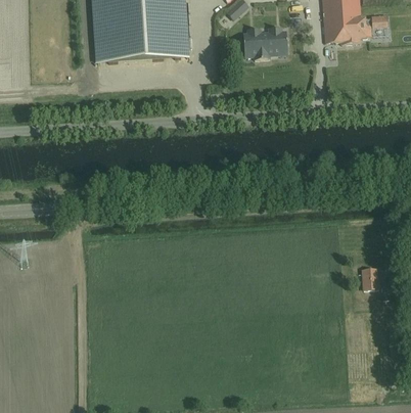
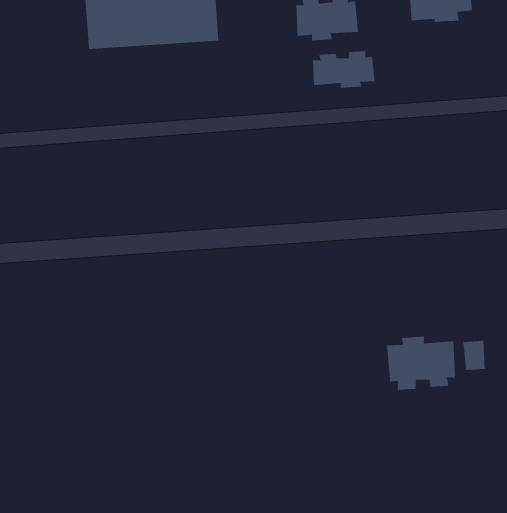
building: none -> [313,51,375,89]
building: none -> [387,336,456,390]

